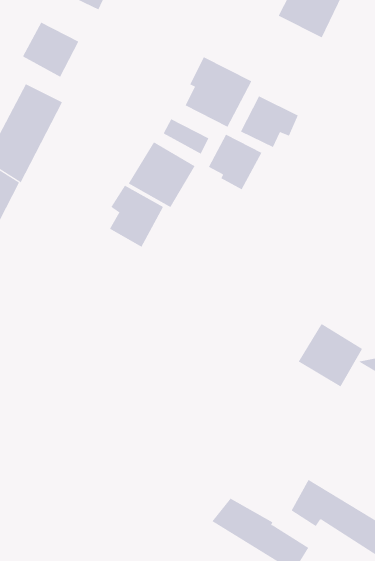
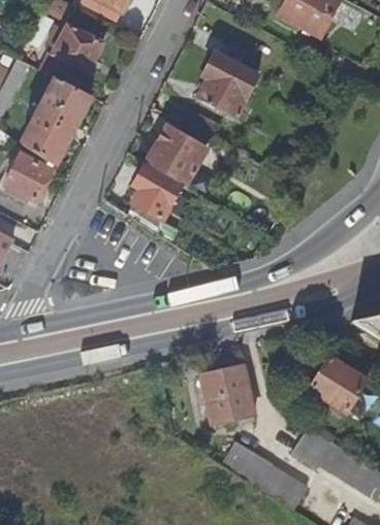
building: [240,96,298,148] -> none
building: [208,134,262,190] -> none
building: [298,323,363,387] -> [304,355,361,412]
building: none -> [201,367,254,424]

